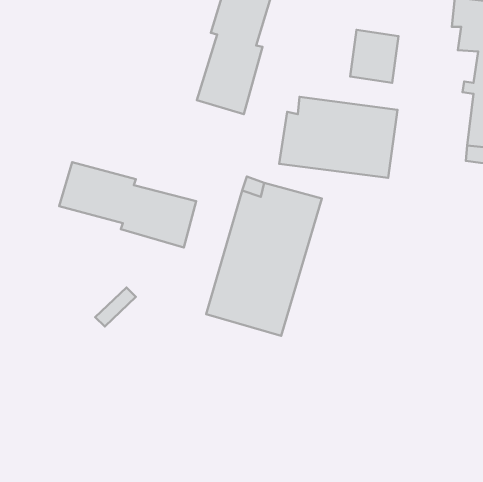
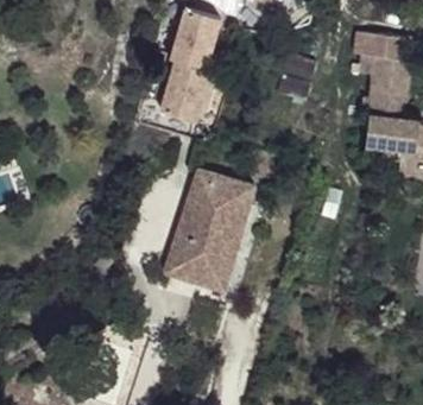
building: [279,97,397,178] -> none
building: [59,162,196,248] -> none

